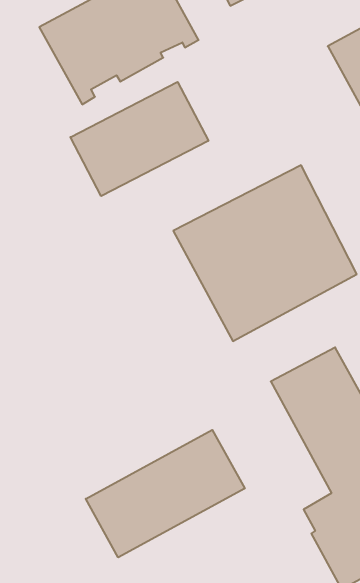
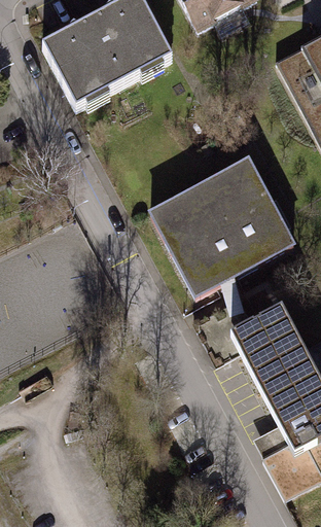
building: [70,82,208,196] -> none
building: [86,430,245,557] -> none

